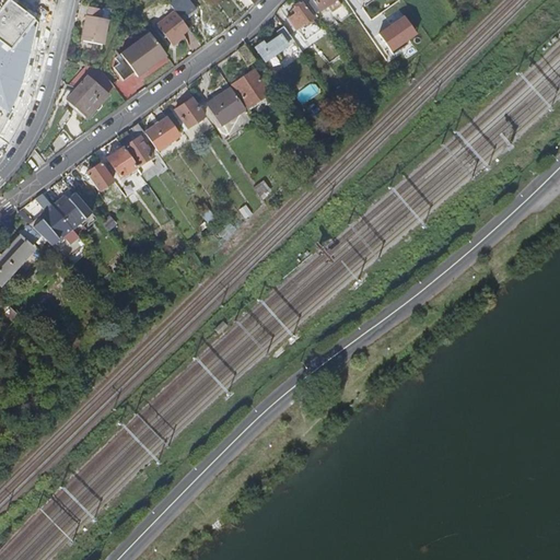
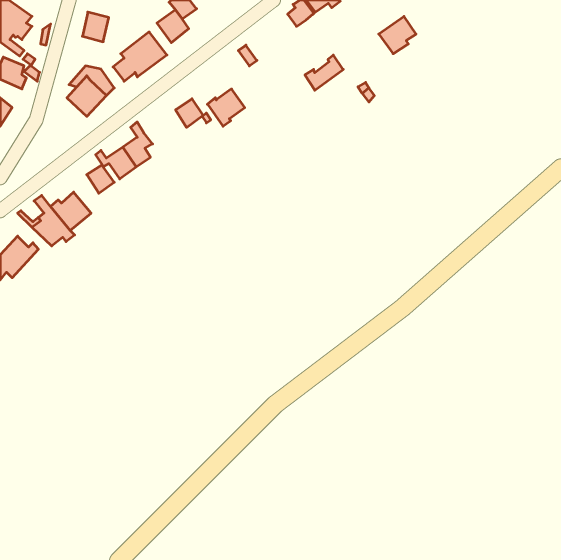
building: [255,27,293,62] -> [305,55,343,90]
building: [233,71,269,108] -> none
building: [143,118,178,152] -> none

